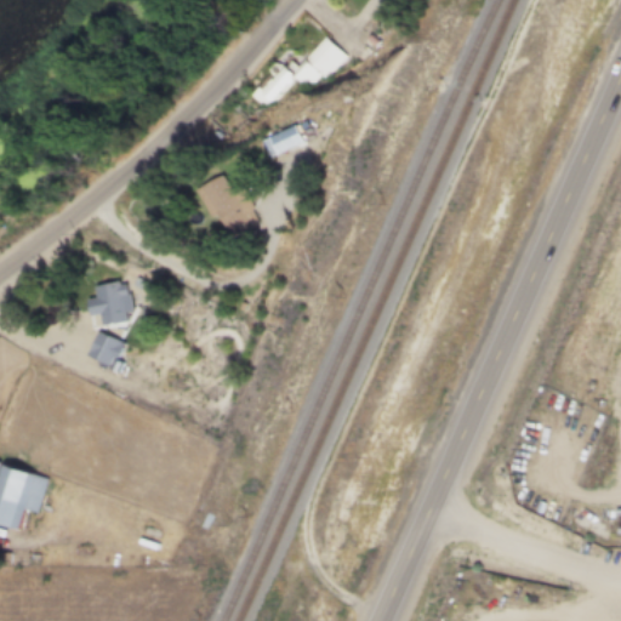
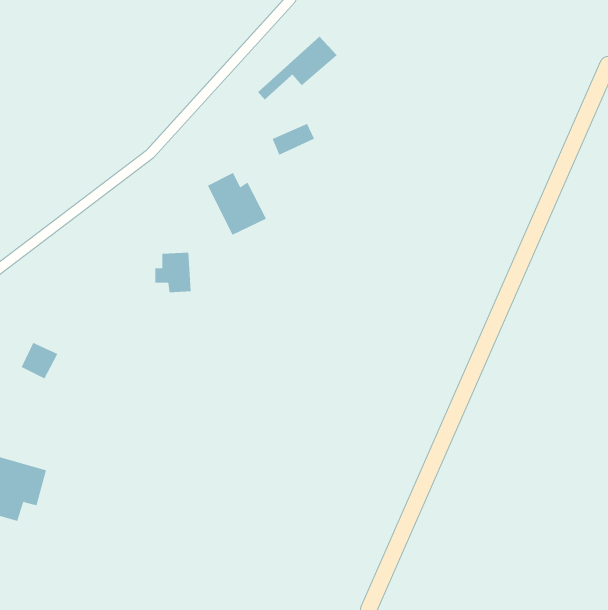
building: [89,283,126,324] -> [154,252,192,293]
building: [87,330,125,368] -> [21,342,58,379]

